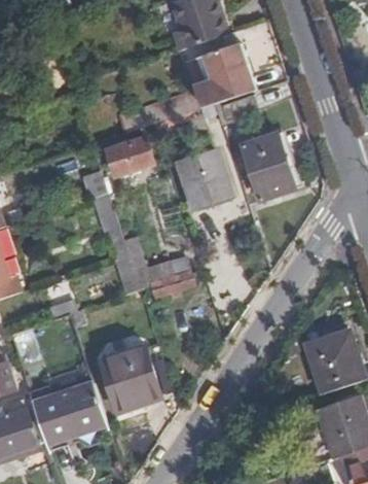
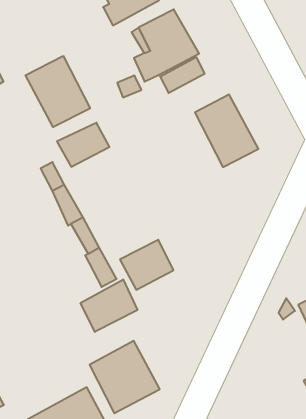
building: none -> [25,56,90,127]
building: [182,151,231,205] -> none
building: none -> [81,279,137,332]

